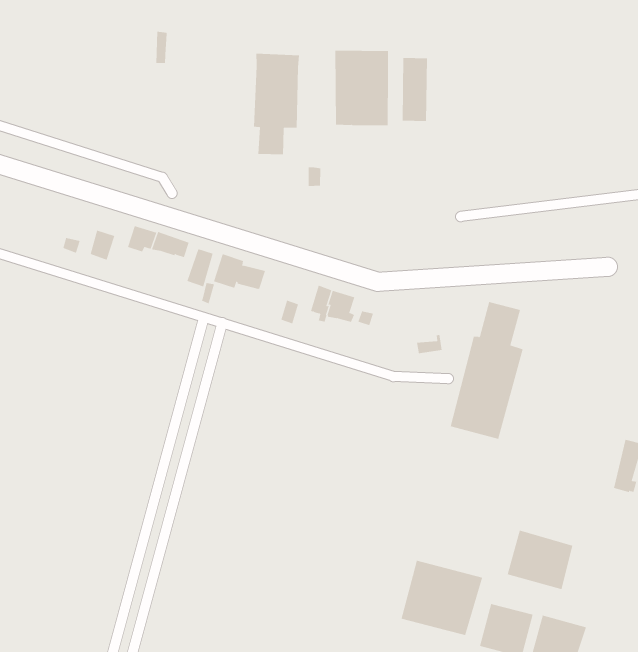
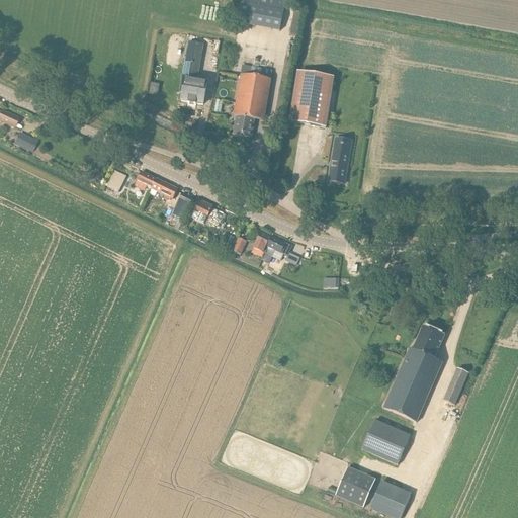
building: none -> [180,39,206,102]
building: [402,57,428,121] -> [328,136,352,182]
building: [450,301,524,440] -> [383,324,444,420]
building: [401,560,483,636] -> none

